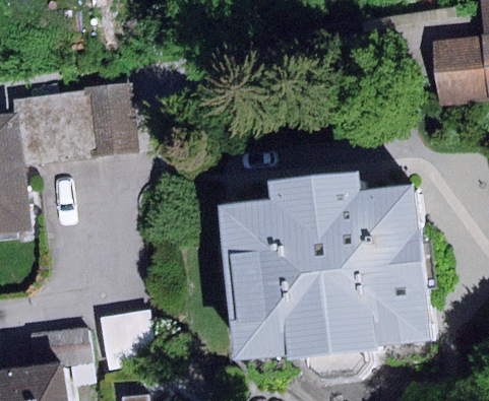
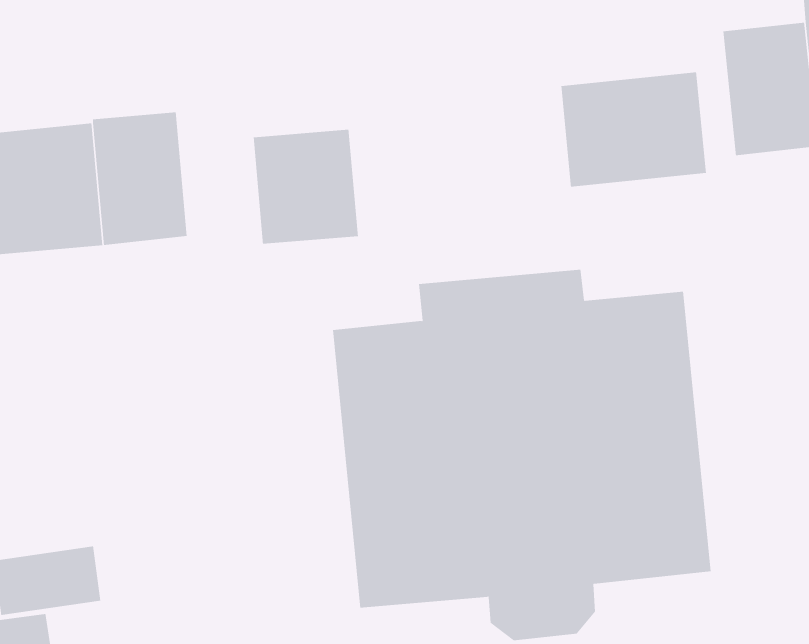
building: none -> [561,71,706,188]
building: none -> [253,129,358,245]

